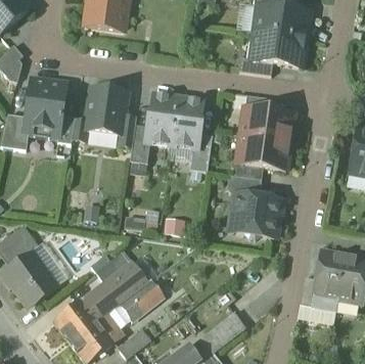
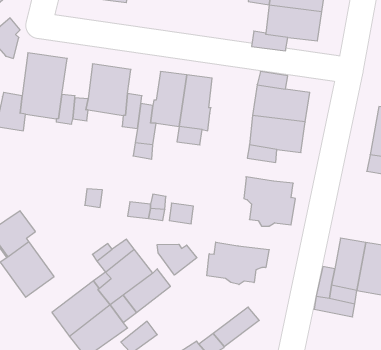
building: [189,133,212,171] -> none
building: [226,175,261,196] -> none
building: [29,239,69,285] -> none
building: none -> [207,242,269,285]
building: none -> [157,244,197,275]

